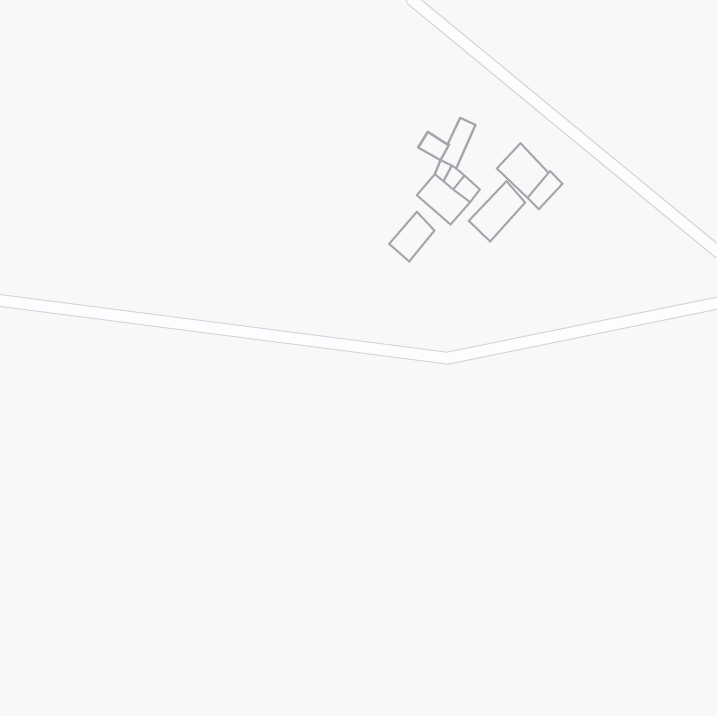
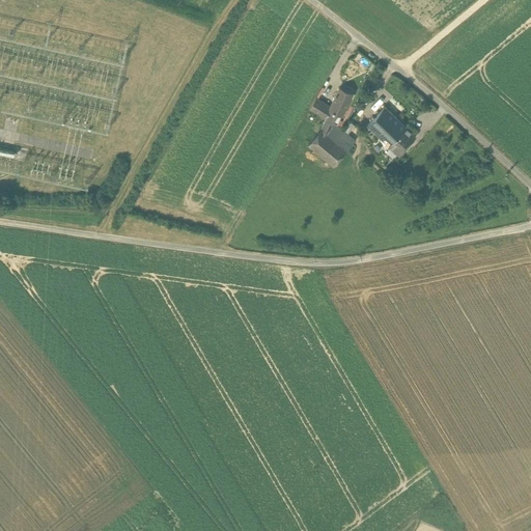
building: [469,181,525,241] -> none
building: [389,212,435,262] -> none

